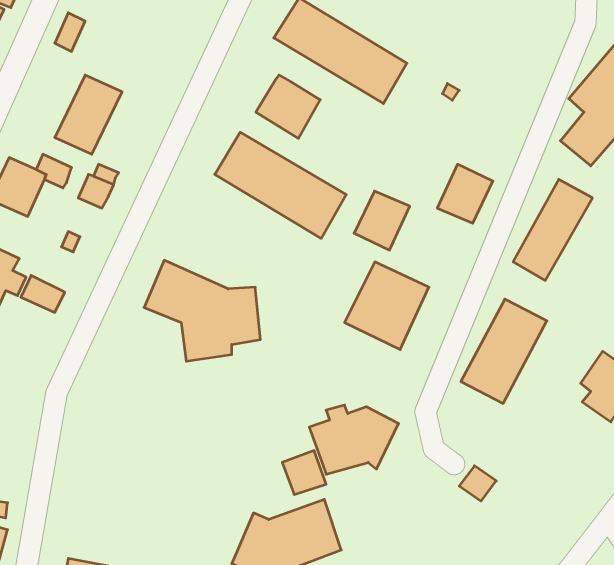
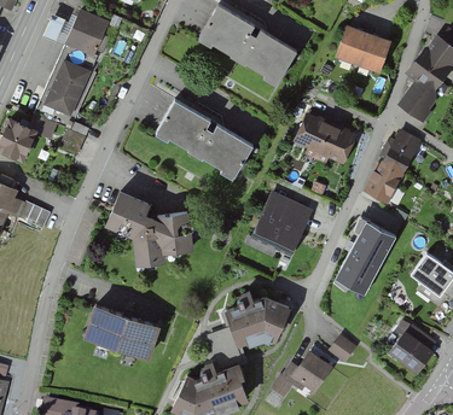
building: none -> [63,8,106,54]
building: none -> [335,24,388,70]
building: [256,75,320,138] -> none
building: [354,191,410,250] -> [290,110,330,152]
building: none -> [81,300,159,356]
building: none -> [385,327,432,372]
building: none -> [274,352,338,398]

